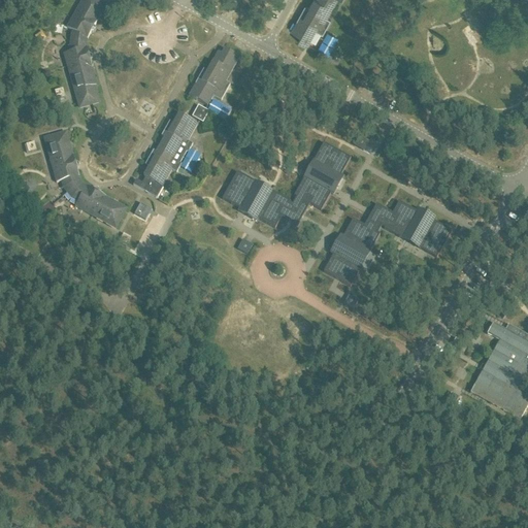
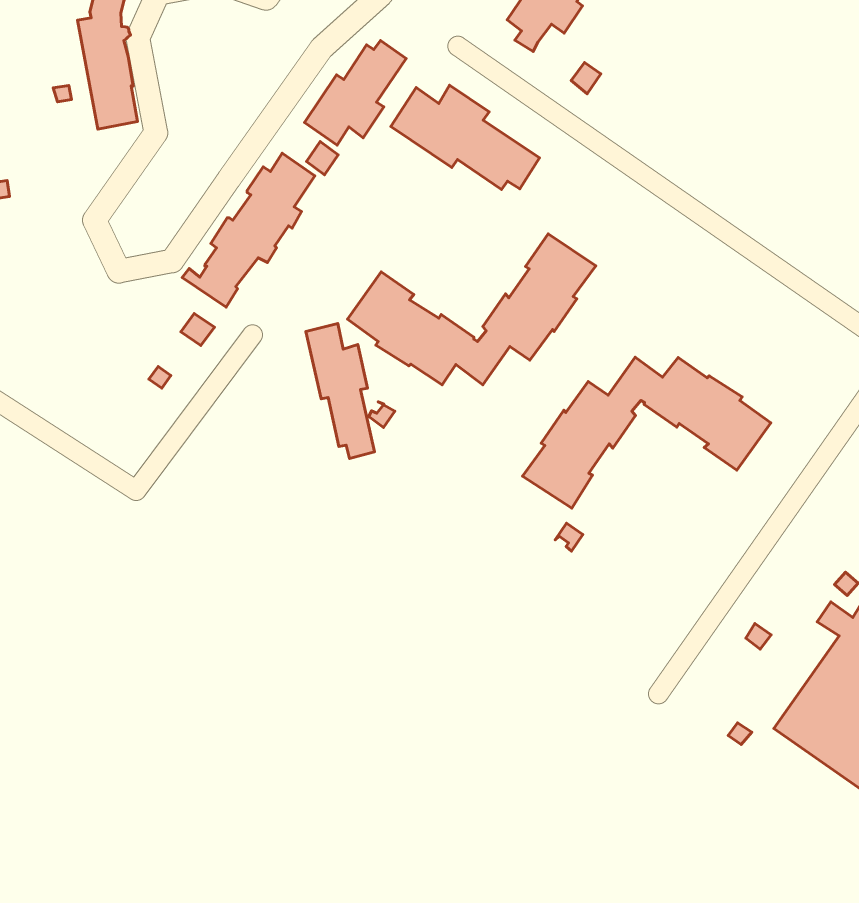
building: none -> [391,85,539,189]
building: [44,131,125,226] -> none
building: none -> [306,324,375,458]

